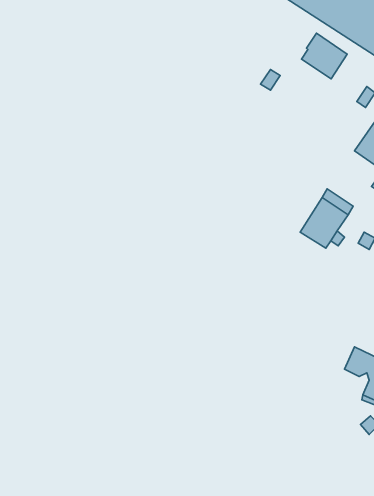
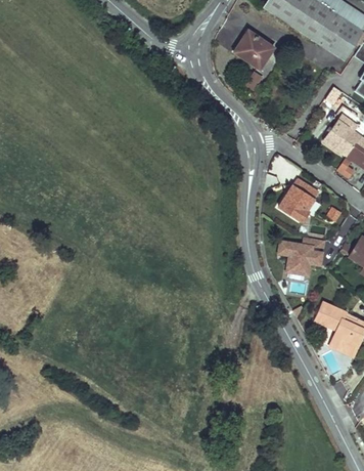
building: [302,33,347,79] -> [235,30,273,68]
building: none -> [277,237,324,277]

